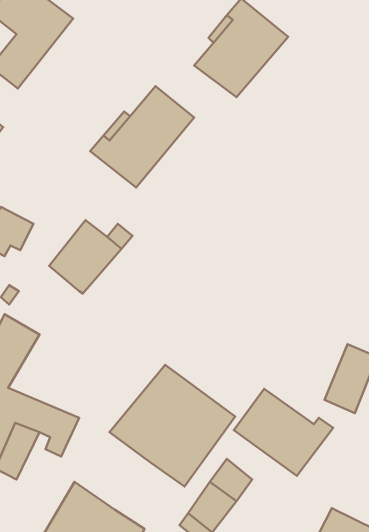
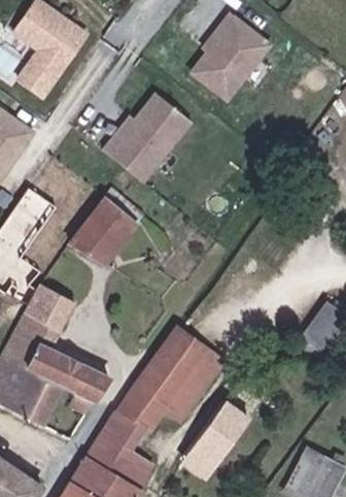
building: [234,389,333,476] -> none
building: none -> [94,385,159,451]

